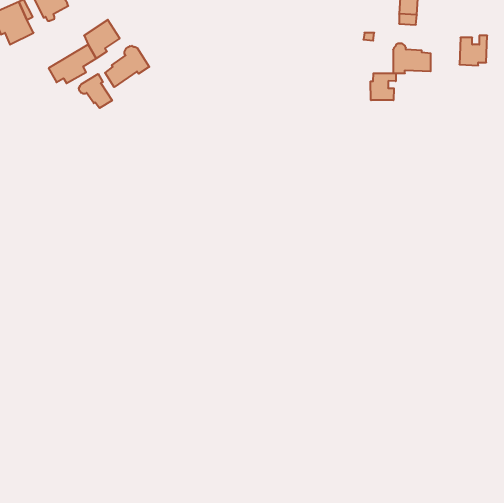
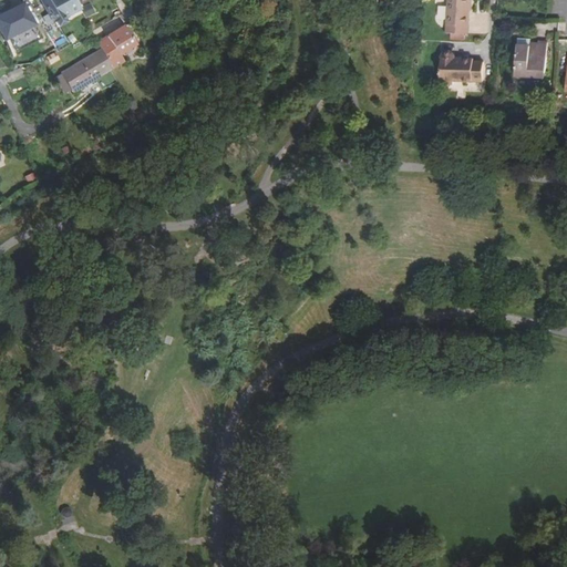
building: [105,46,149,87] -> none
building: [371,73,396,100] -> none
building: [79,74,112,108] -> none

